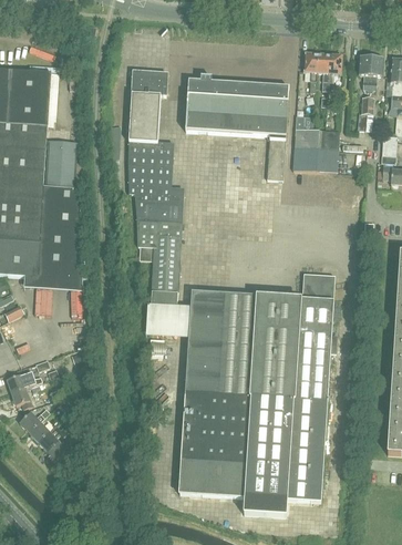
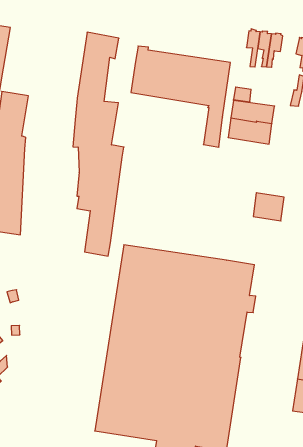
building: [302,272,333,300] -> [253,193,284,221]

